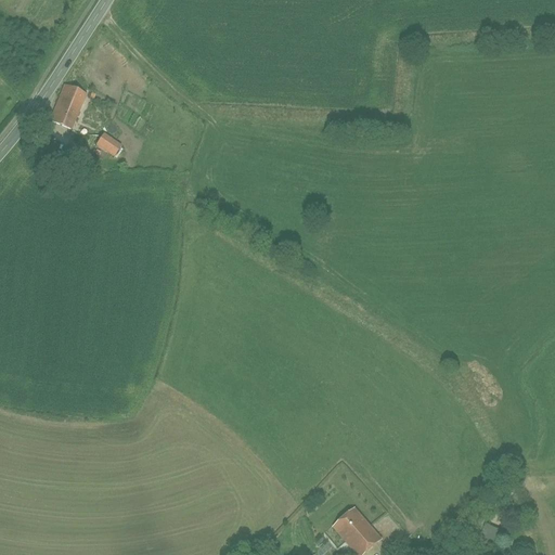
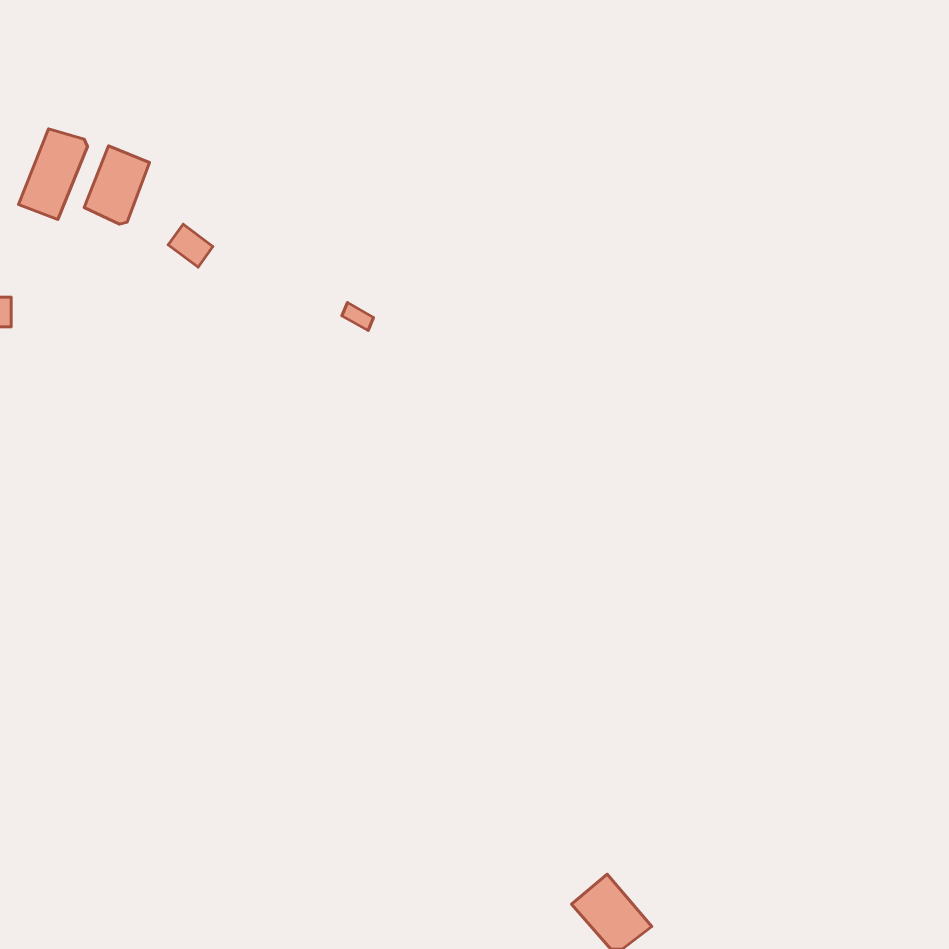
building: none -> [19,129,88,219]

